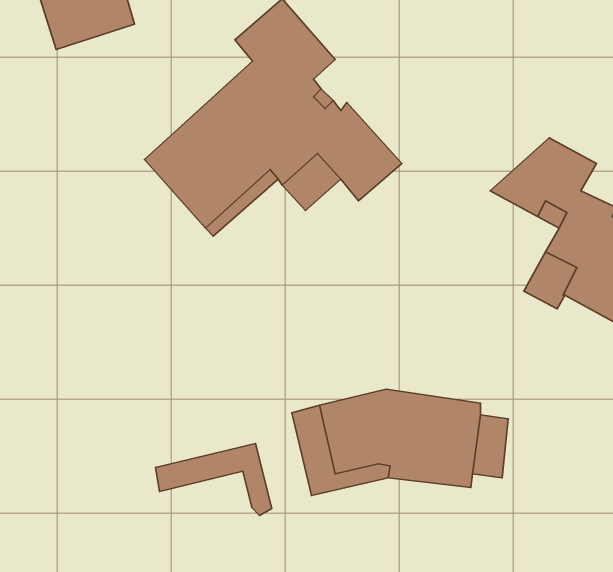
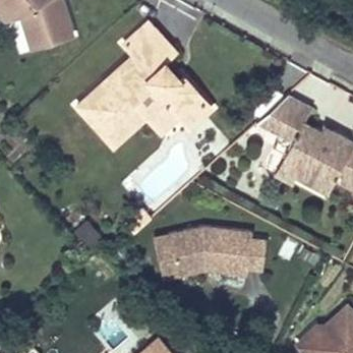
building: [155,444,272,515] -> none

